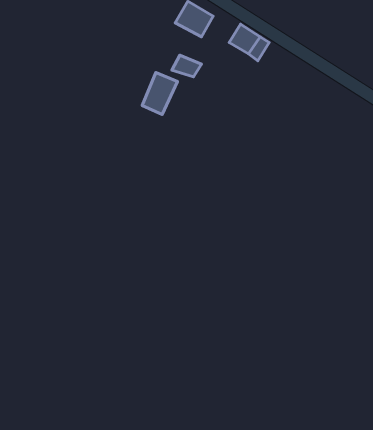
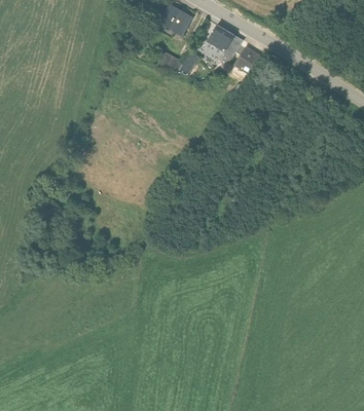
building: none -> [233,46,260,74]
building: [142,72,177,115] -> none

